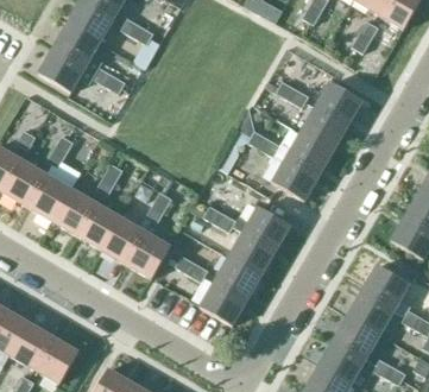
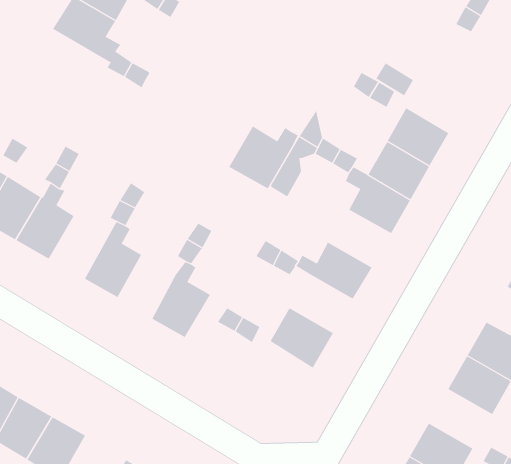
building: [38,49,95,93] -> none
building: [315,82,361,126] -> none
building: none -> [229,126,299,189]
building: [50,188,94,234] -> none
building: [101,216,144,264] -> none
building: [228,230,276,274] -> none
building: [200,280,246,325] -> none
building: [332,316,379,360] -> none

